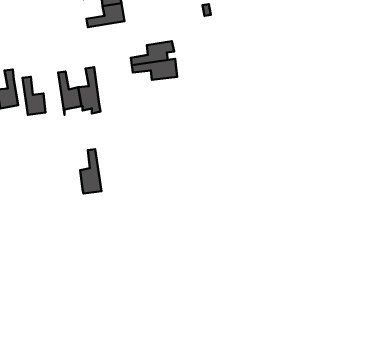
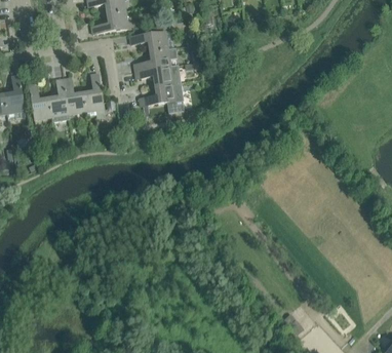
building: none -> [130,31,168,51]
building: none -> [140,82,183,106]
building: [80,149,101,193] -> [49,78,70,121]

